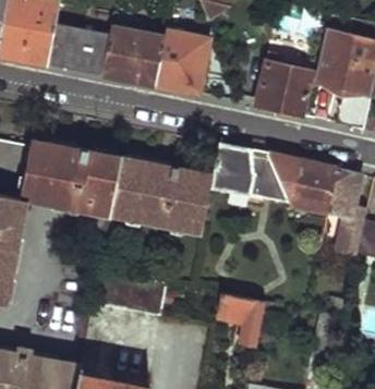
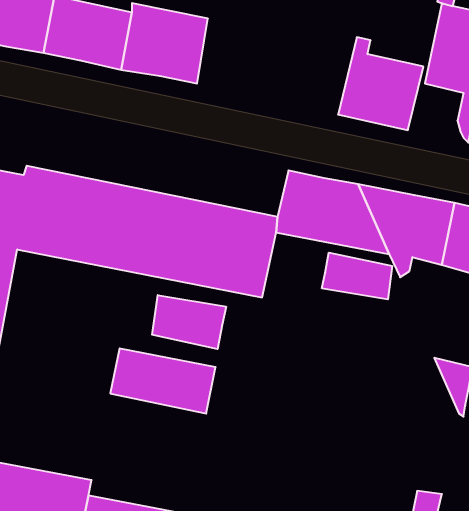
building: [156,32,209,94] -> none
building: none -> [322,253,392,299]
building: none -> [152,295,226,349]
building: [217,294,266,347] -> none

